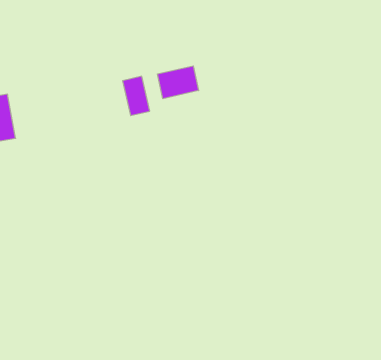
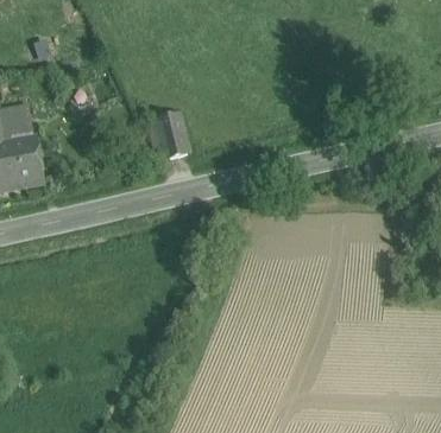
building: [158,66,199,99] -> none

